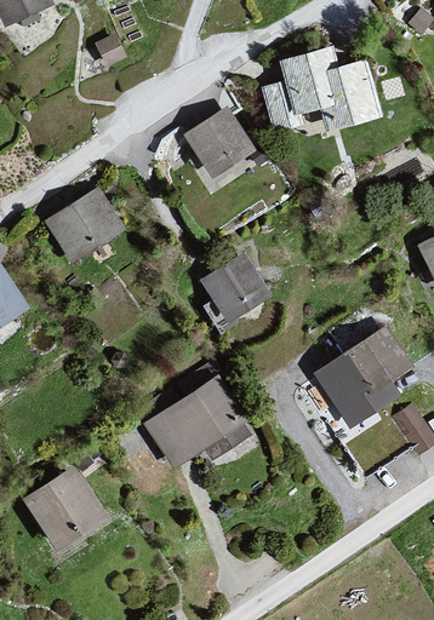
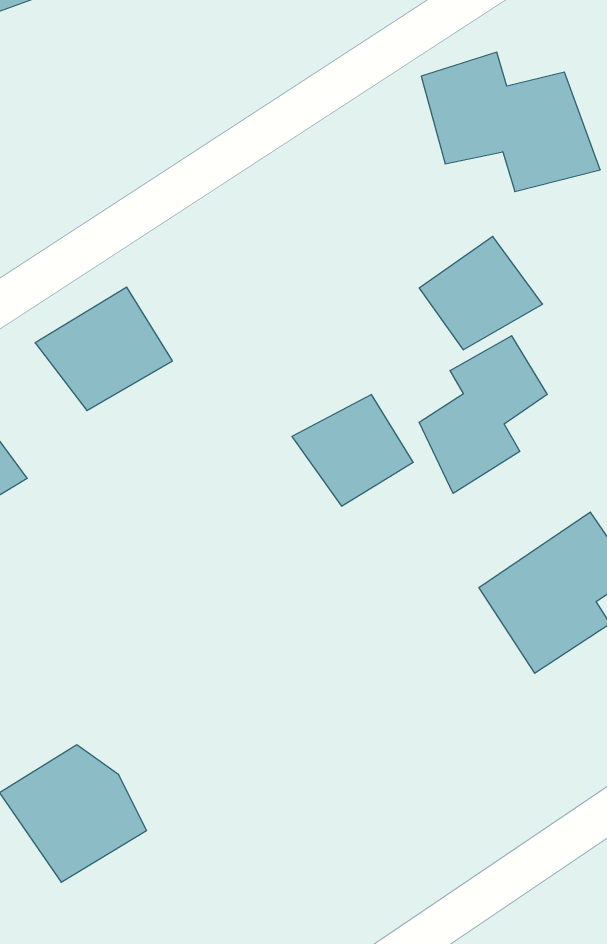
building: [184,108,259,177] -> [419,236,543,350]
building: none -> [419,336,547,493]
building: [137,375,251,465] -> none

